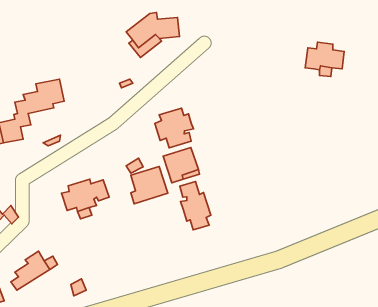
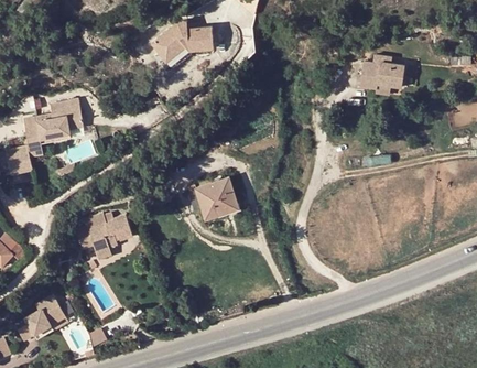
building: [155,108,193,148] -> none
building: [131,167,168,204] -> none
building: [180,182,211,230] -> none

